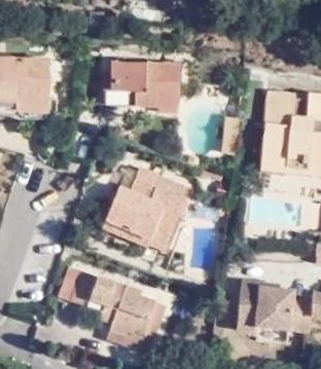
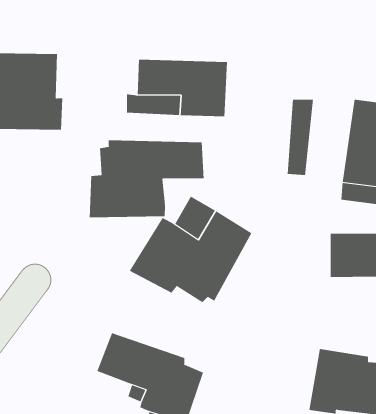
building: none -> [89,139,204,218]

